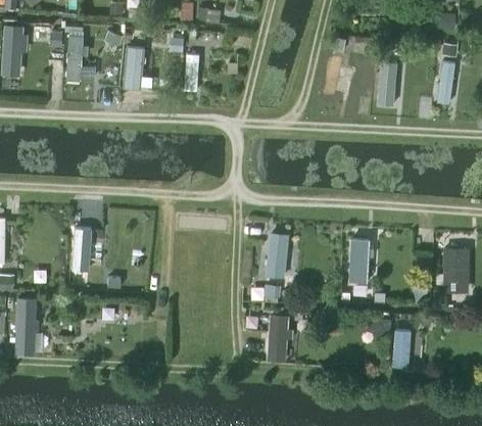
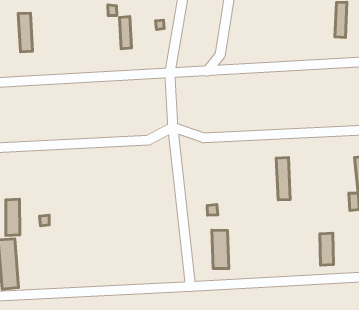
building: [125,48,145,91] -> none
building: [377,62,397,106] -> none
building: [71,229,92,272] -> [6,199,20,235]
building: [267,233,287,276] -> none

